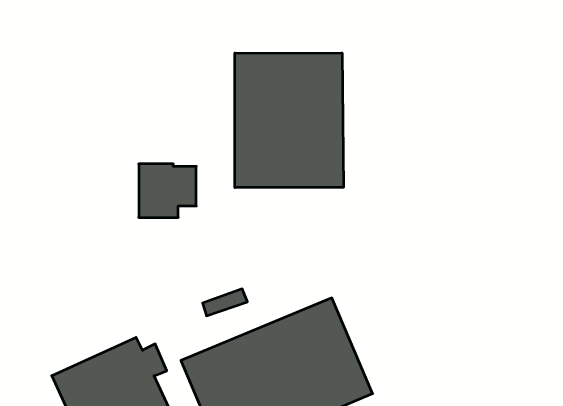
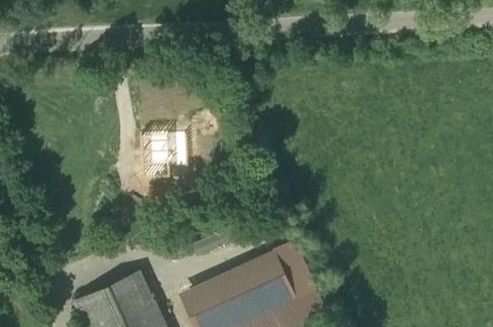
building: [235,53,343,188] -> none

